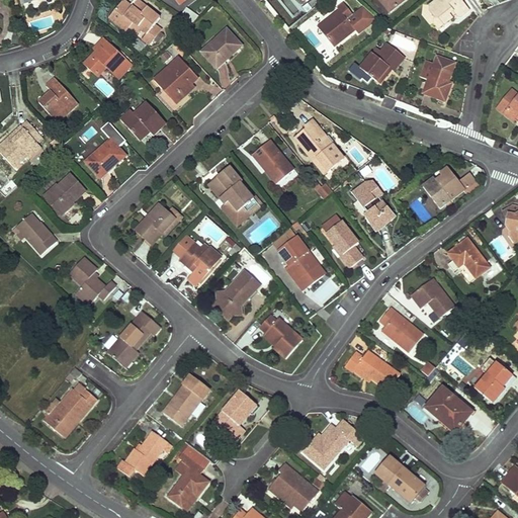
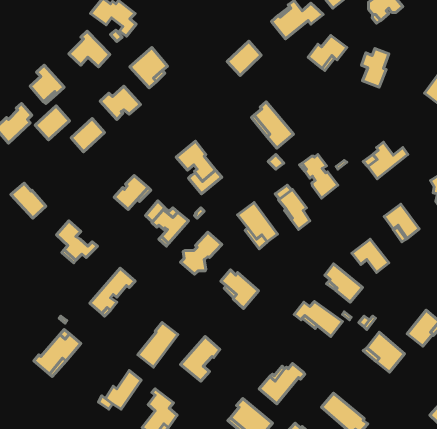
building: [201,28,241,68] -> [227,41,261,75]
building: [252,140,293,184] -> none
building: [46,174,85,213] -> [35,106,69,140]

